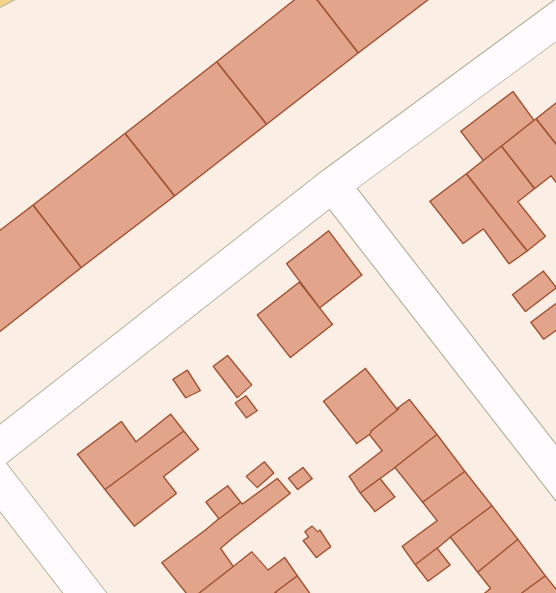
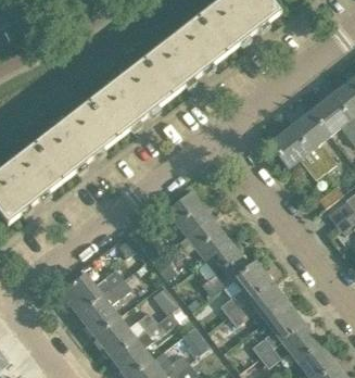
building: [461,92,534,160] -> none
building: [287,231,362,308] -> [186,215,230,261]
building: none -> [93,315,136,356]

